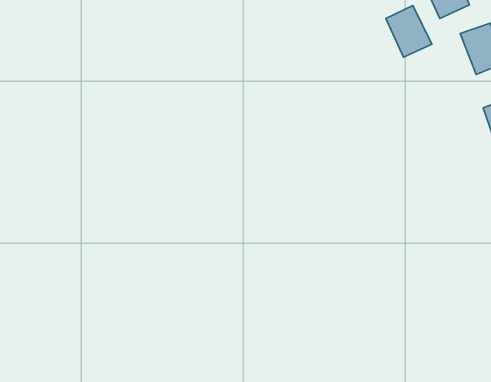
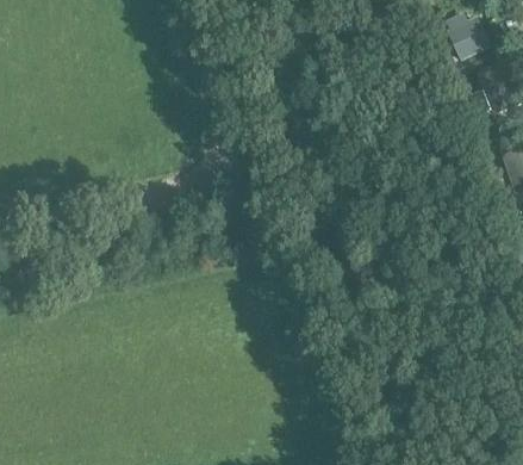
building: [386,6,432,57] -> none

